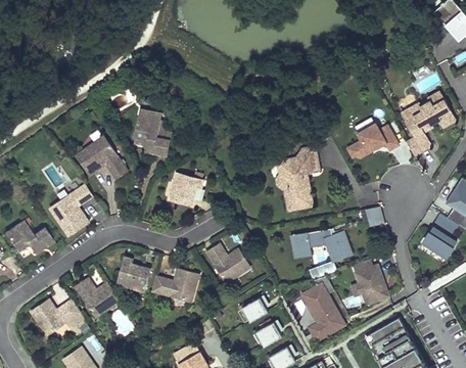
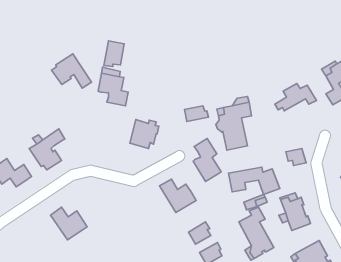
building: none -> [104,41,124,67]
building: [78,138,126,179] -> [52,54,92,88]
building: none -> [185,106,209,122]
building: none -> [193,139,221,181]
building: [118,255,151,290] -> none
building: [153,270,199,302] -> none
building: [32,300,85,336] -> none

